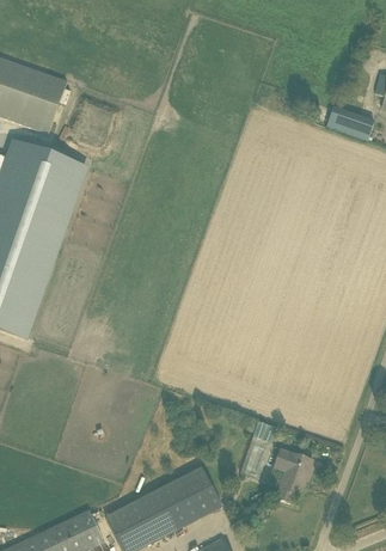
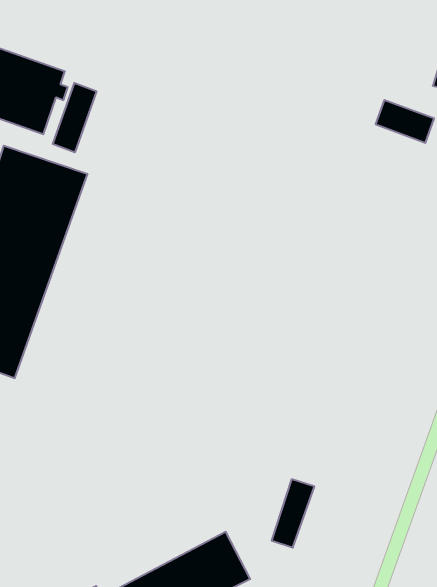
building: none -> [53,83,96,152]
building: [275,448,313,502] -> none

